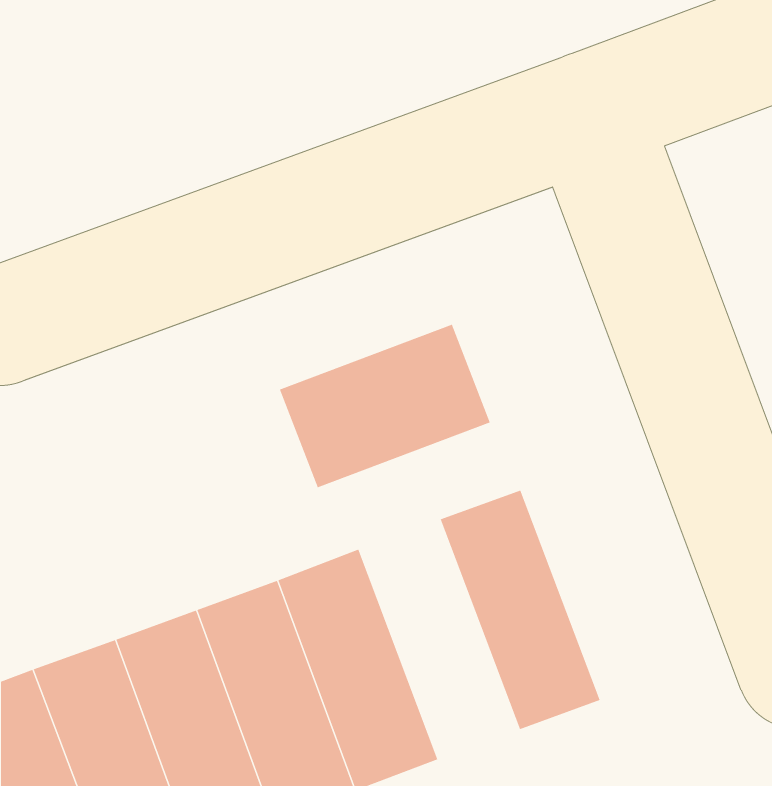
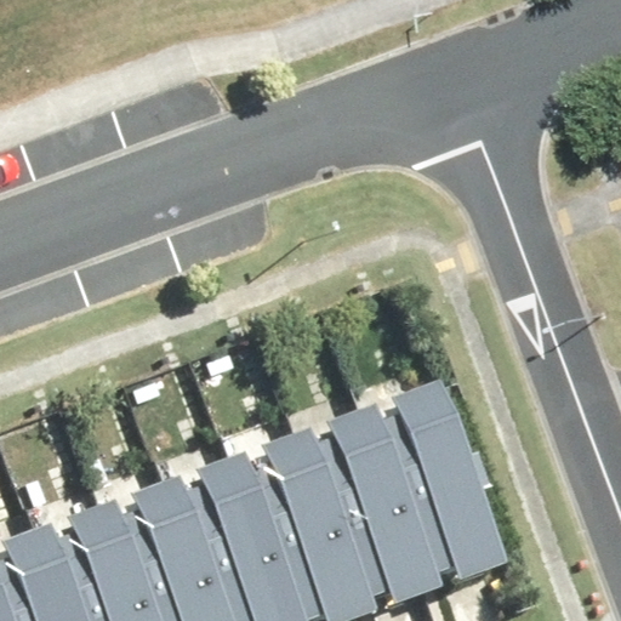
building: [279,324,490,488] -> none
building: none -> [298,412,423,599]

